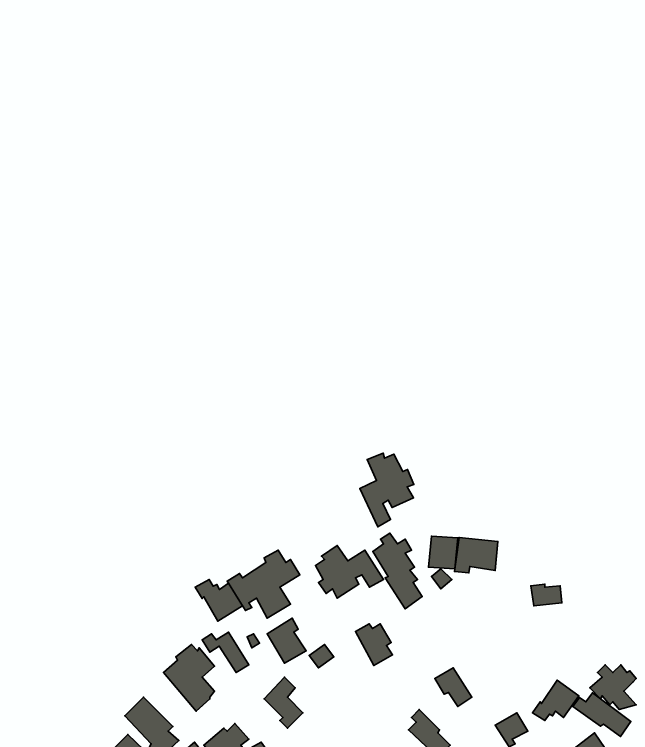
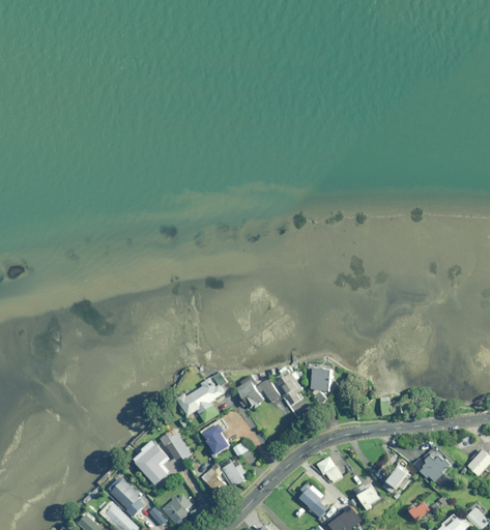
building: [360,453,414,527] -> none
building: [454,538,498,573] -> none
building: [195,580,242,621] -> none
building: [355,624,393,666] -> [220,460,244,488]
building: [573,693,631,736] -> none

